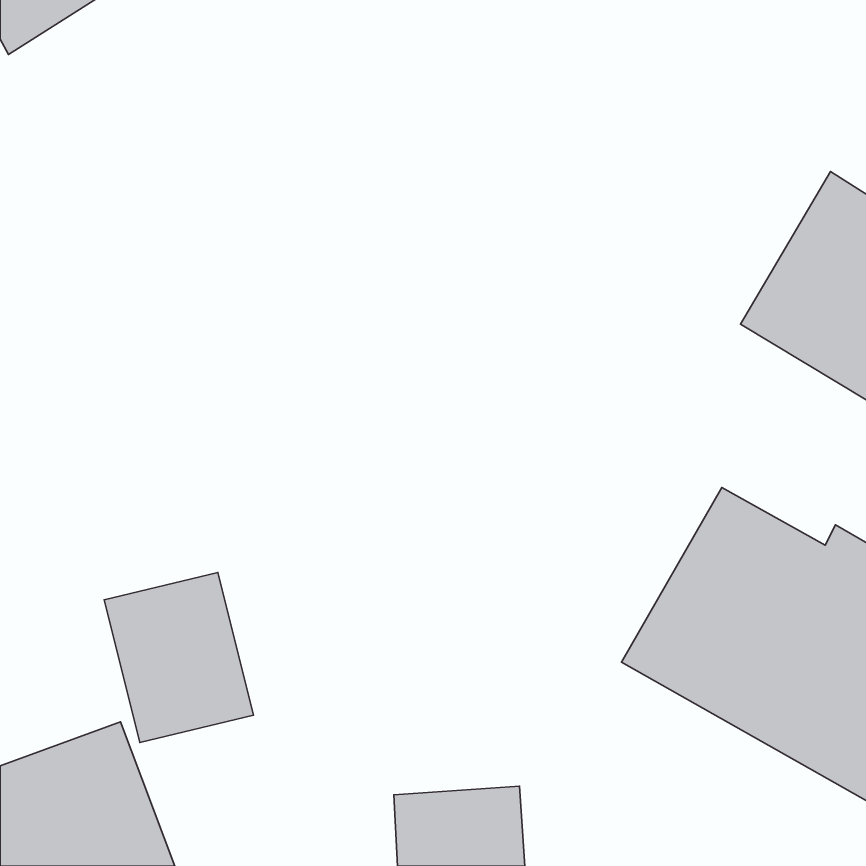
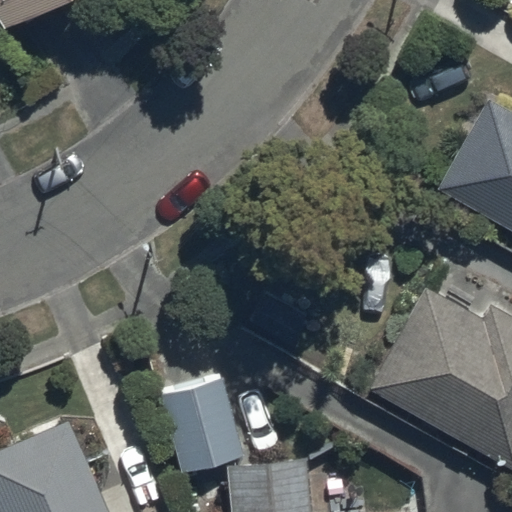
building: [104,573,254,742] -> [159,376,247,476]

